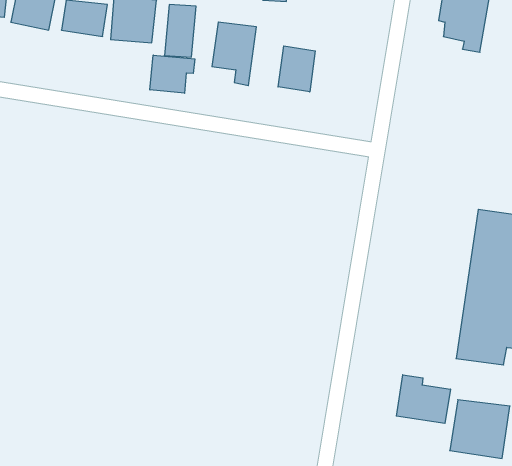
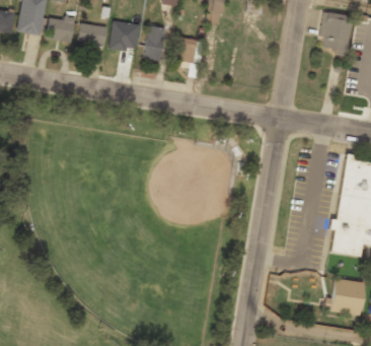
building: [278,46,315,92] -> none
building: [150,55,195,93] -> none
building: [396,375,450,423] -> none

